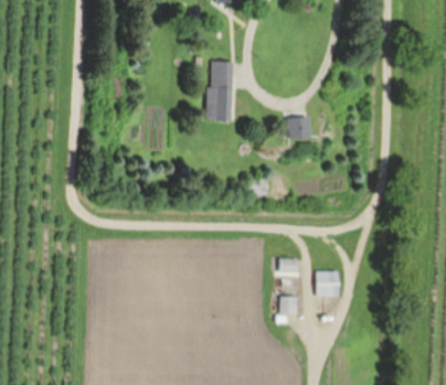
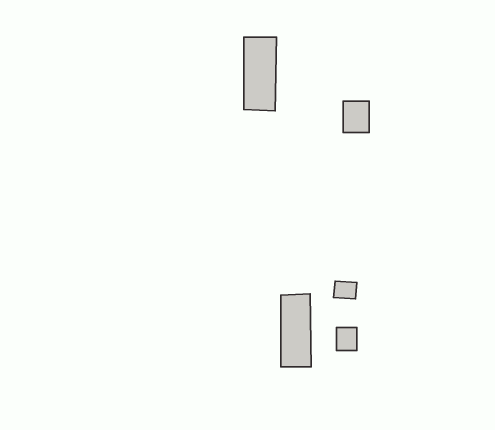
building: none -> [281,294,311,367]
building: [317,271,340,298] -> none

